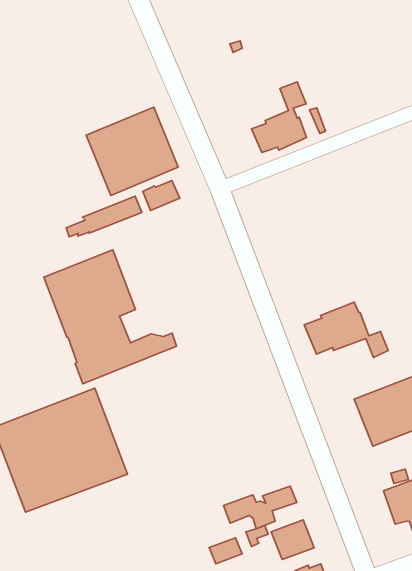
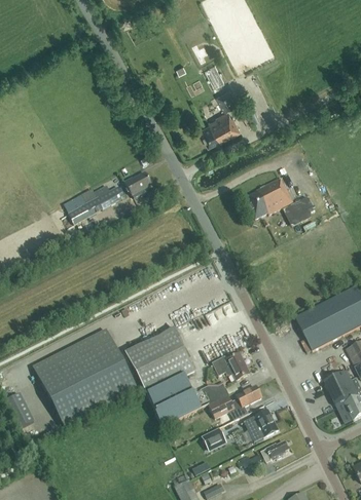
building: [86,107,178,195] -> none
building: [44,250,176,384] -> [124,326,227,427]
building: [304,302,388,357] -> [244,177,308,218]
building: none -> [211,351,249,379]

